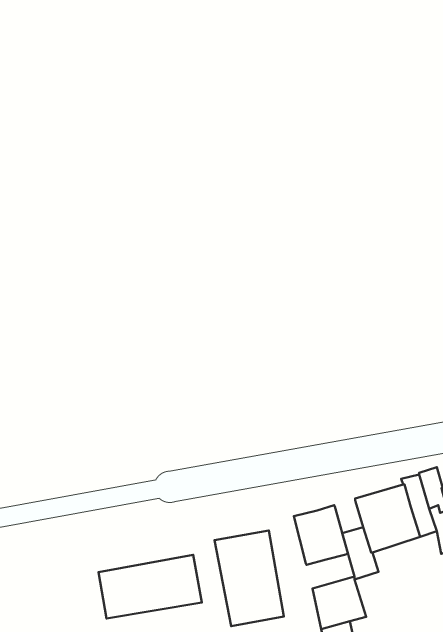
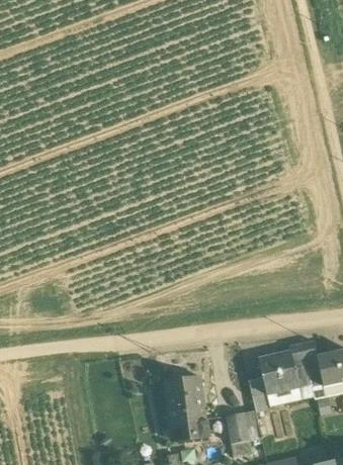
building: [294,505,348,565] -> none
building: [98,555,202,619] -> none

